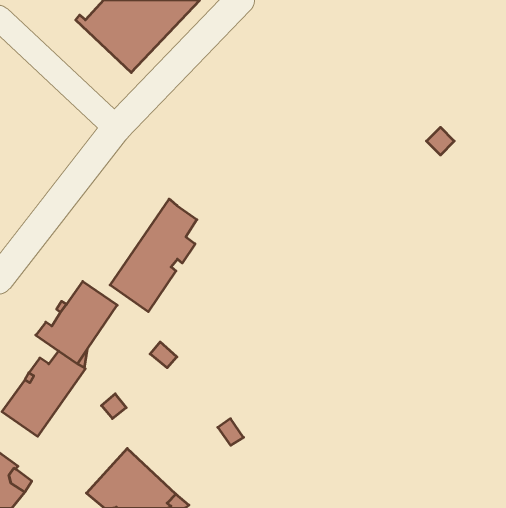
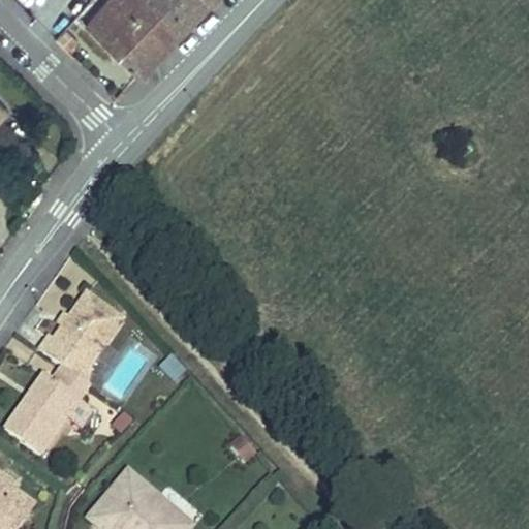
building: [110,199,197,312] -> none

